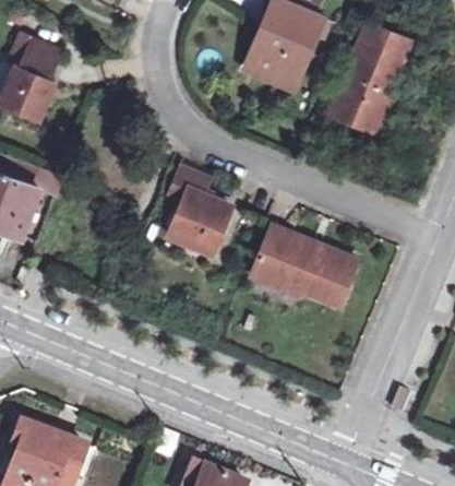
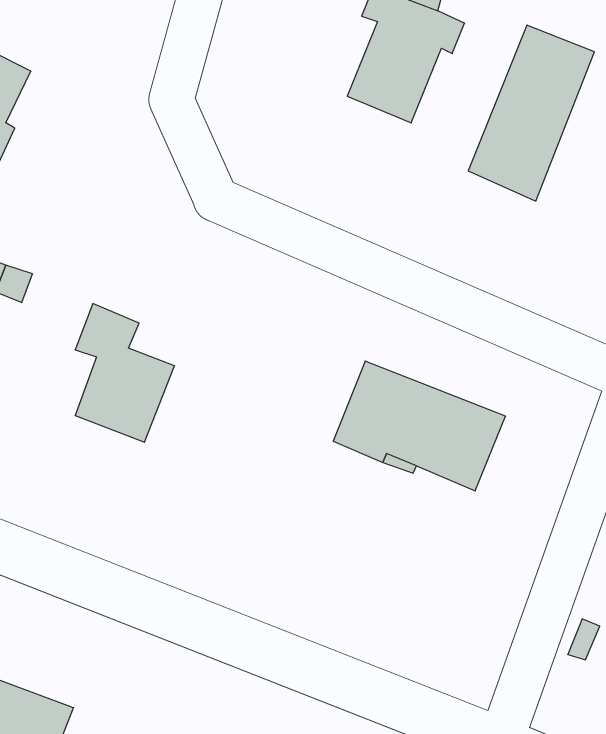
building: [242,16,296,92] -> none
building: [165,169,226,254] -> [75,304,175,442]

